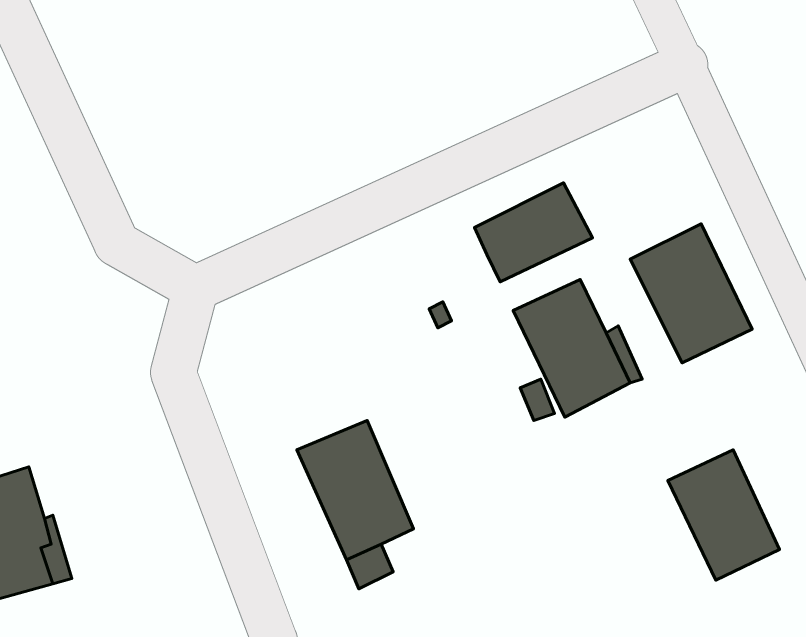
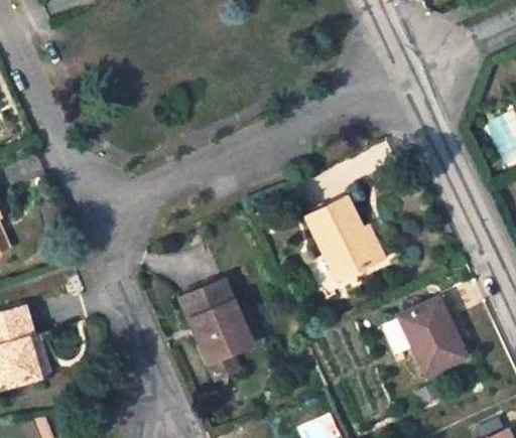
building: [475,183,592,282] -> none
building: [630,224,752,363] -> none

